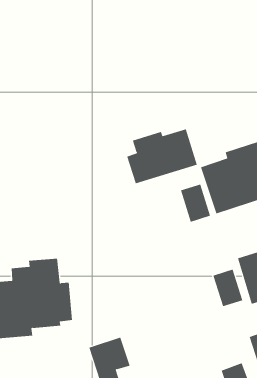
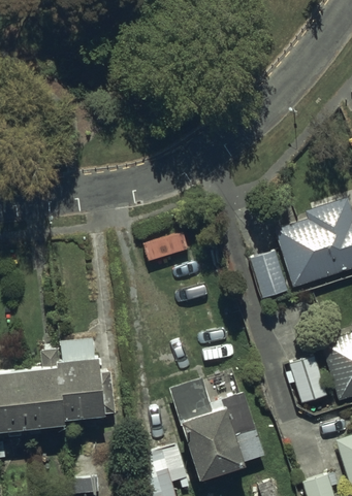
building: [126,128,197,184] -> none
building: none -> [168,377,265,483]

